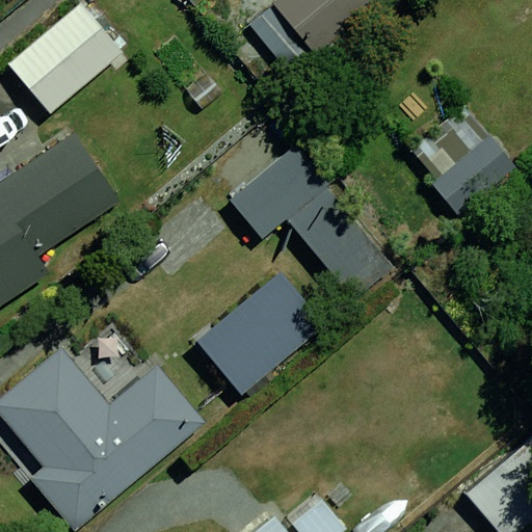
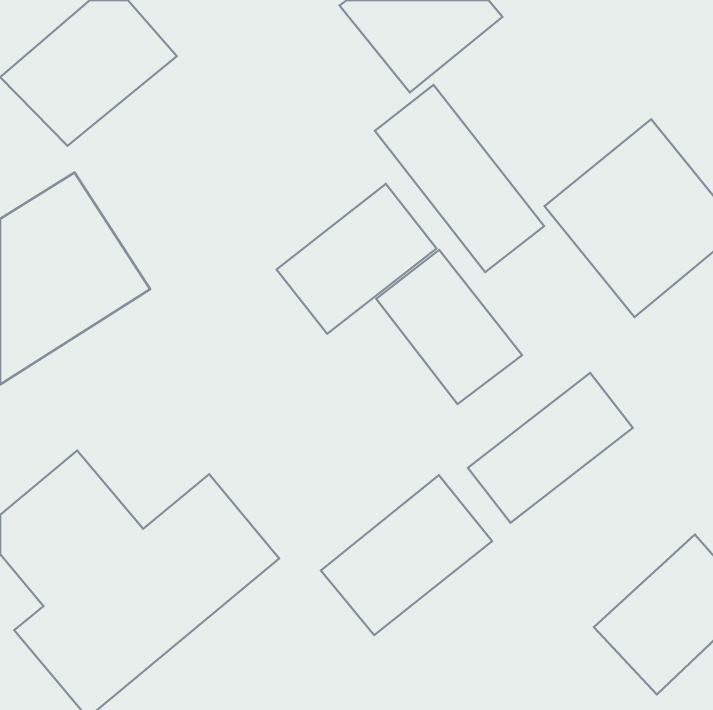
building: none -> [375,85,544,272]
building: [195,275,322,394] -> [321,475,492,635]
building: none -> [468,373,633,523]

